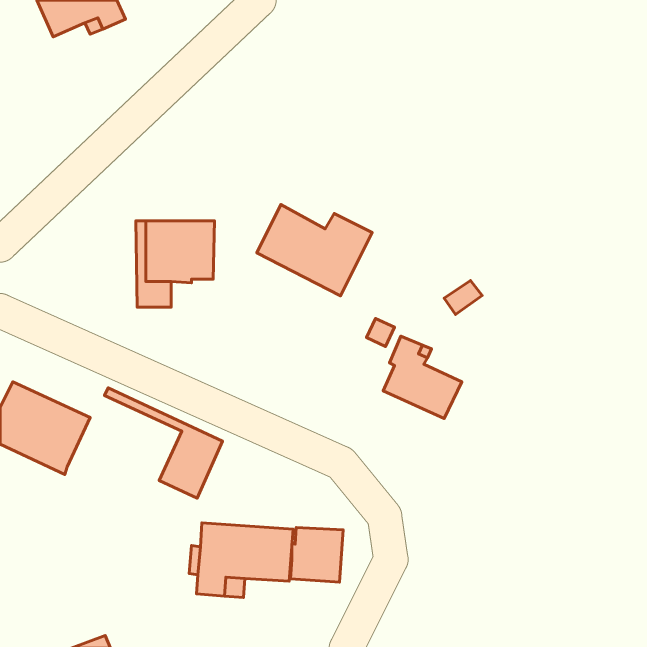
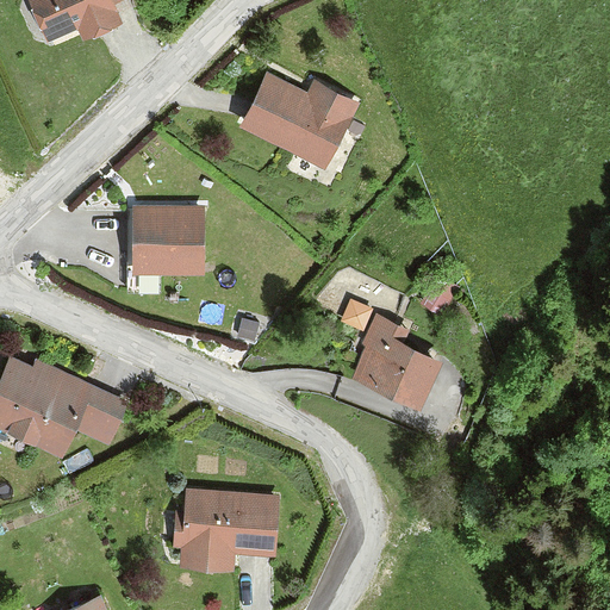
building: [257,205,372,296] -> [247,76,355,162]
building: [104,388,222,498] -> [13,353,124,456]
building: [291,528,343,582] -> none

